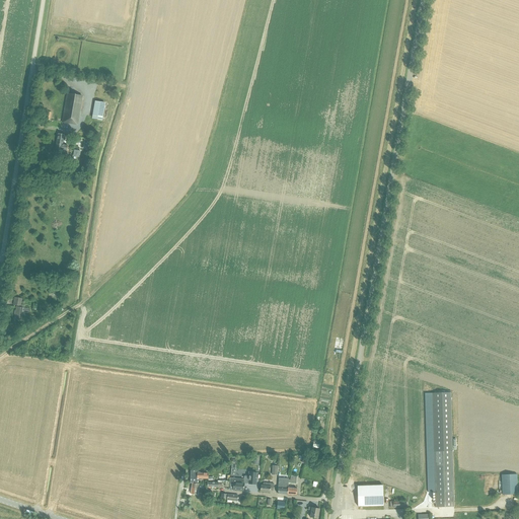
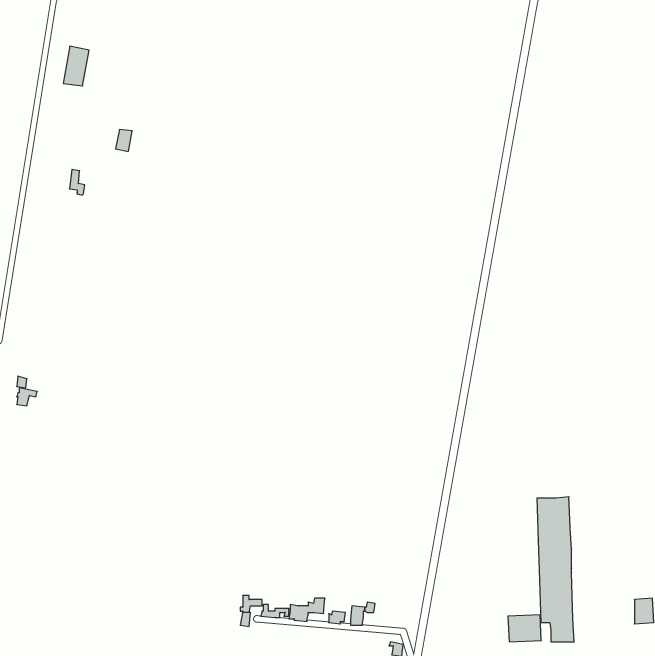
building: [61,93,81,125] -> [63,46,89,86]
building: [356,485,382,506] -> [508,615,541,642]

